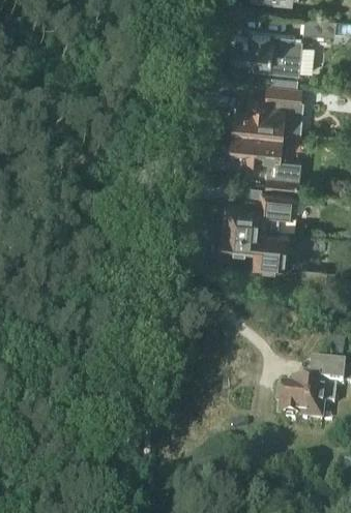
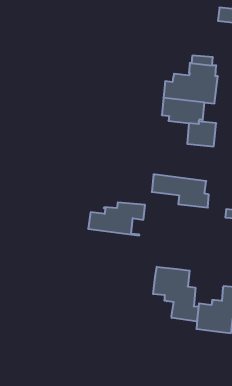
building: [232,33,300,76] -> none
building: [223,193,294,235] -> [88,202,145,235]
building: none -> [153,267,198,322]

